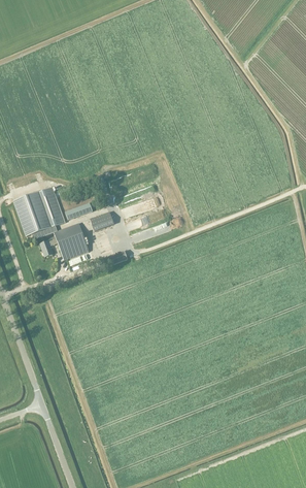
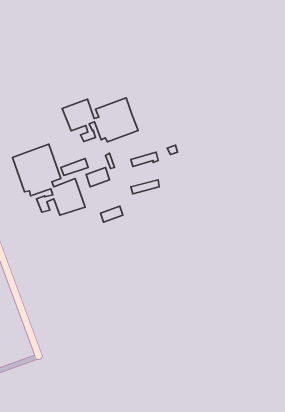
building: none -> [62,98,138,142]

